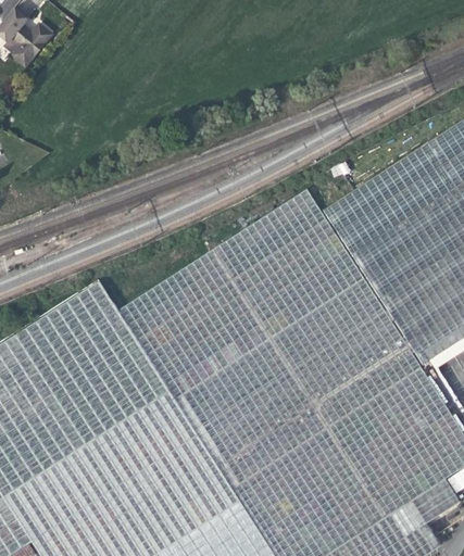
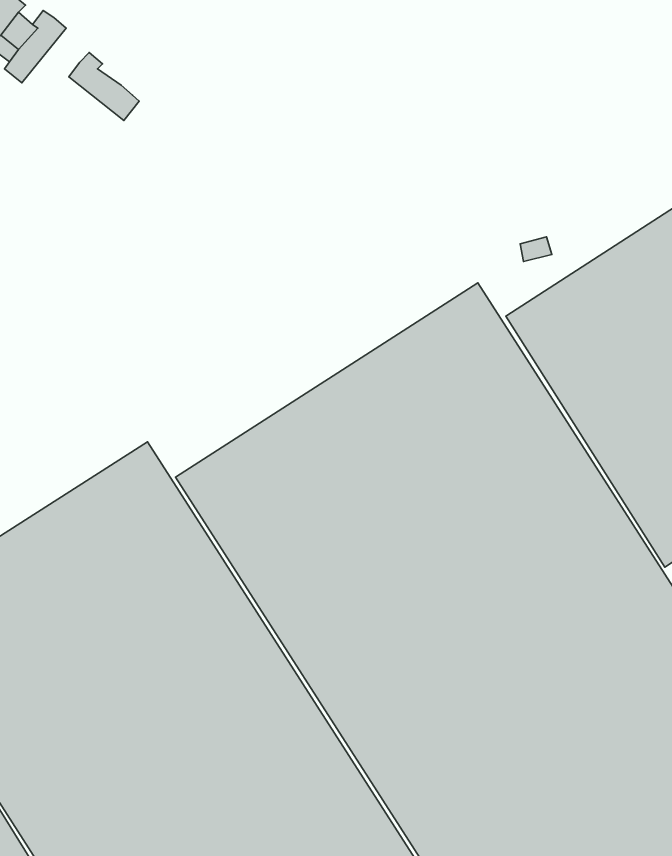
building: none -> [69,52,139,120]

